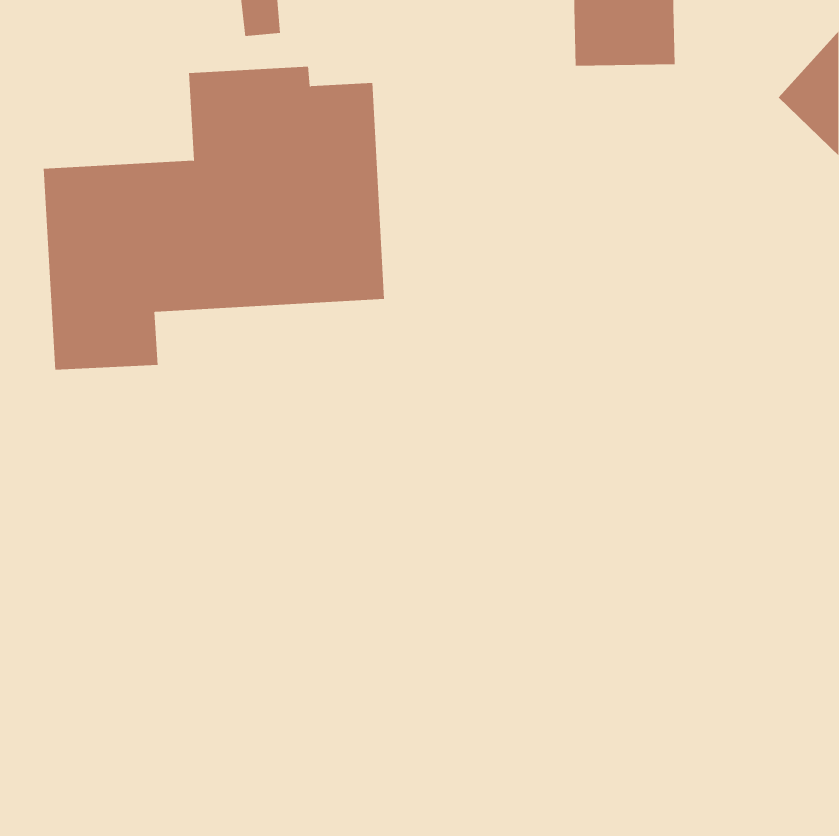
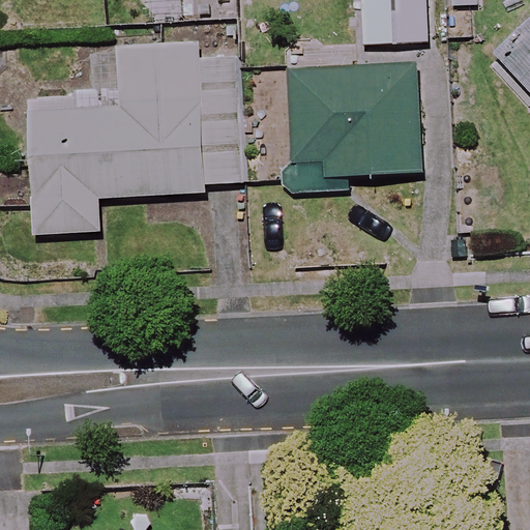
building: none -> [285,64,422,189]

